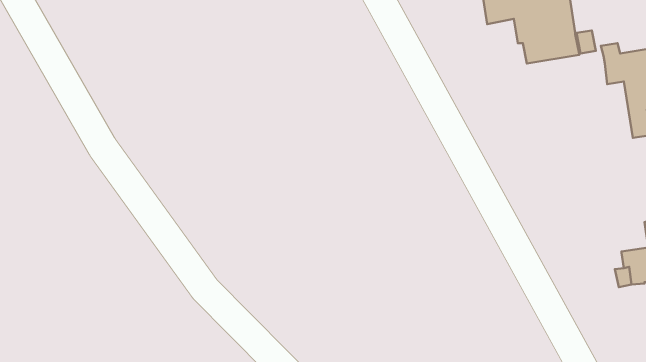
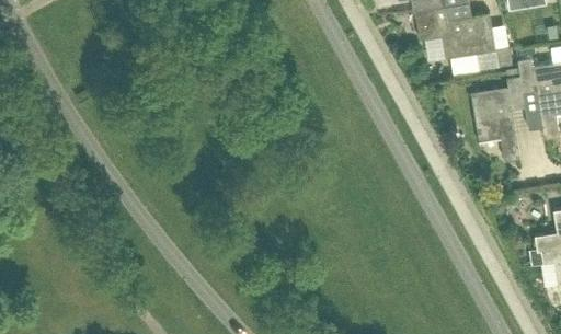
building: none -> [470,69,524,161]

